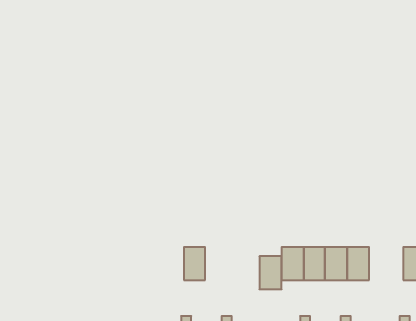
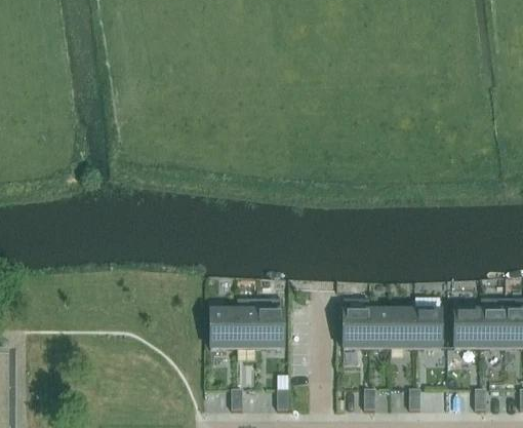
building: none -> [210,311,235,348]
building: none -> [454,311,479,348]
building: [259,256,282,289] -> [258,311,283,348]

